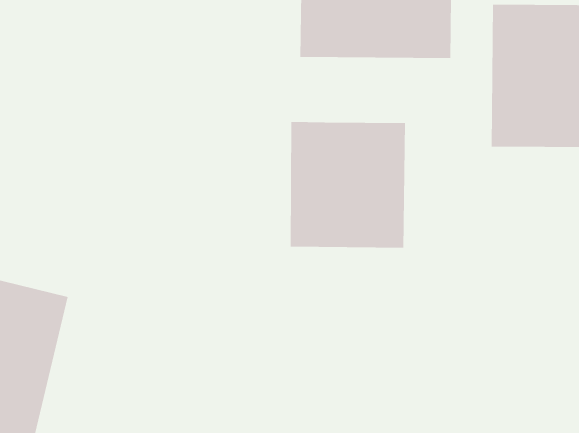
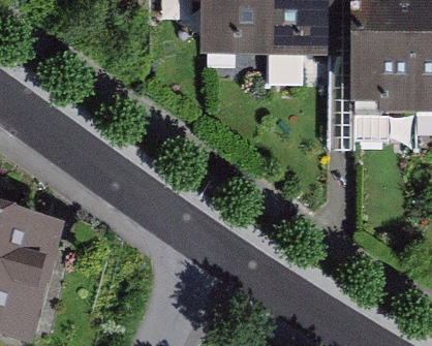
building: [290,121,406,249] -> none

